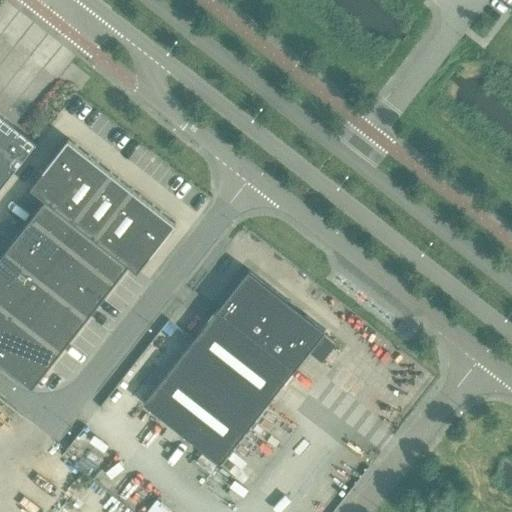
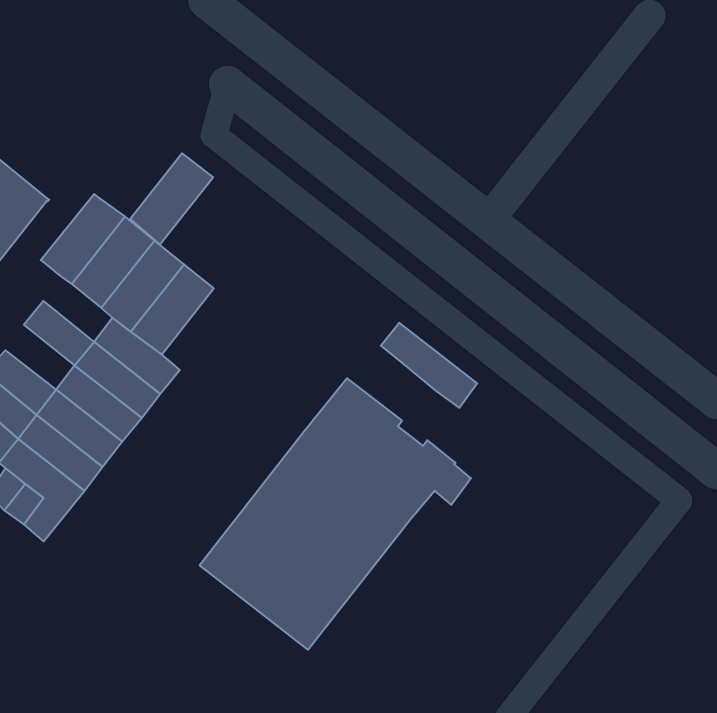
building: [31,201,80,247] -> none
building: [115,209,174,274] -> [130,153,213,245]
building: none -> [381,323,477,408]
building: [4,235,53,281] -> none

